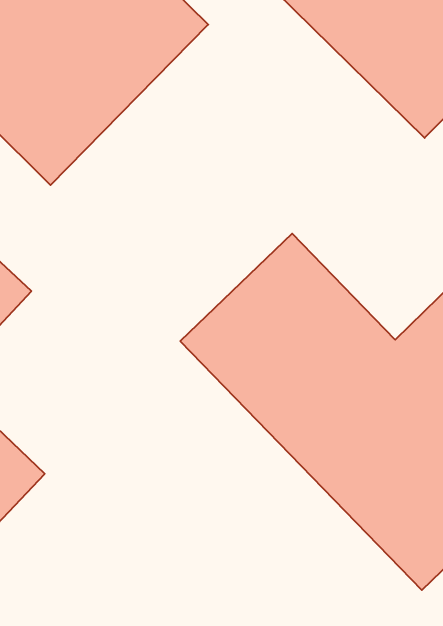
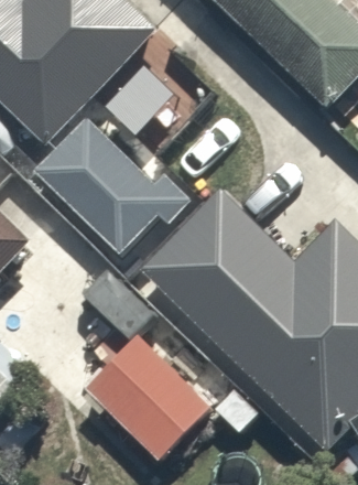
building: none -> [33,108,186,261]
building: none -> [83,324,230,474]

